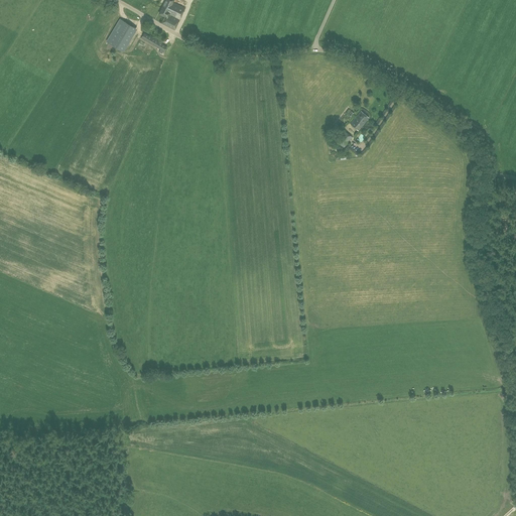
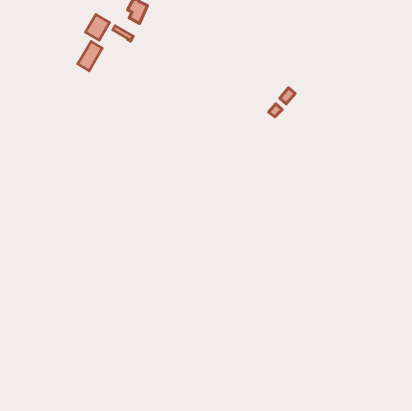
building: none -> [78,42,102,71]

